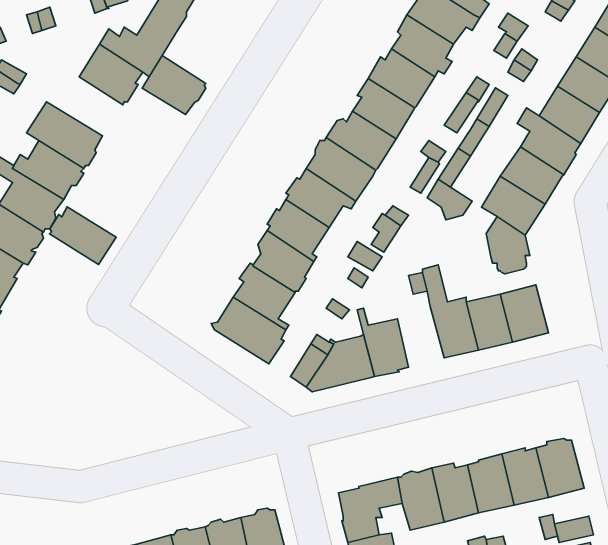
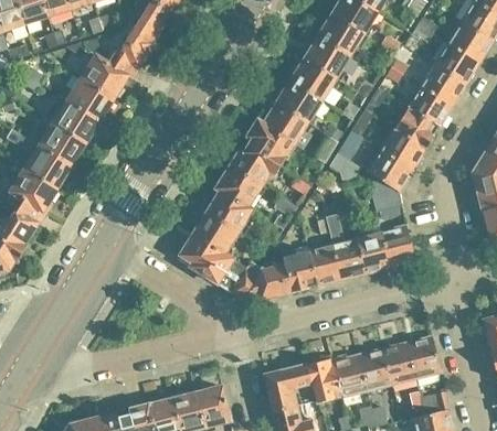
building: [142,56,206,115] -> [68,79,114,121]
building: [50,207,116,264] -> none
building: none -> [309,243,342,285]

